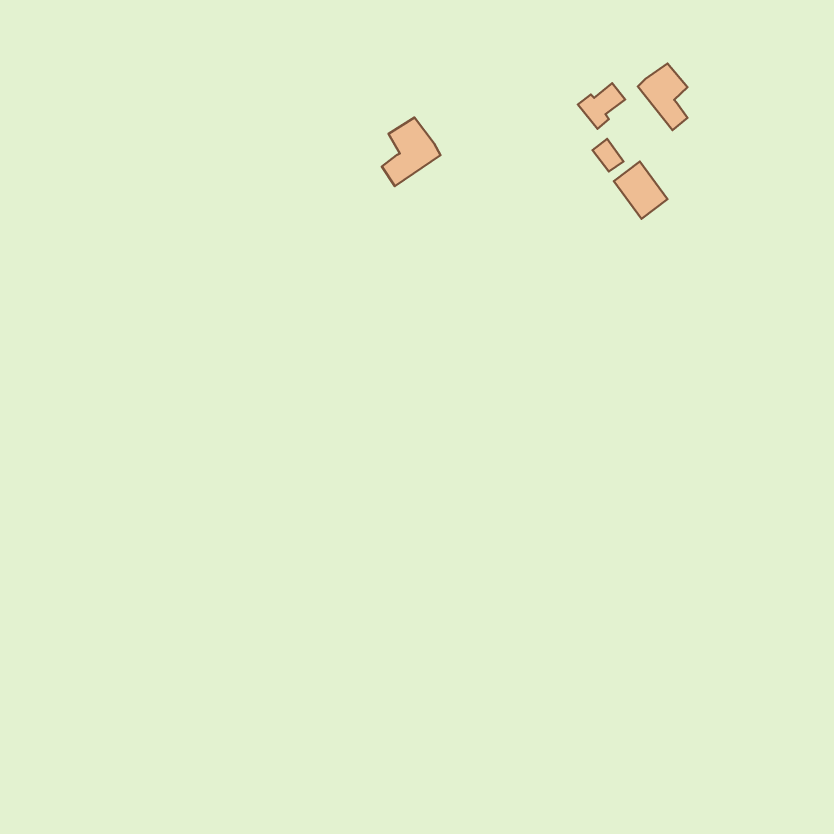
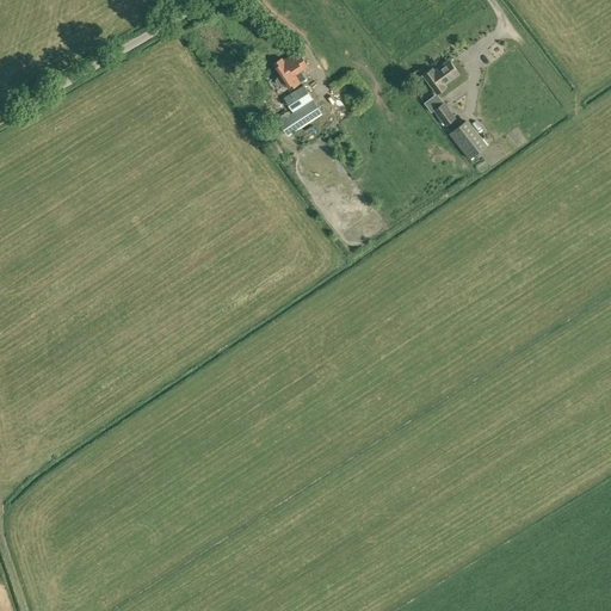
building: [638,63,688,130] -> none
building: none -> [273,51,308,90]

